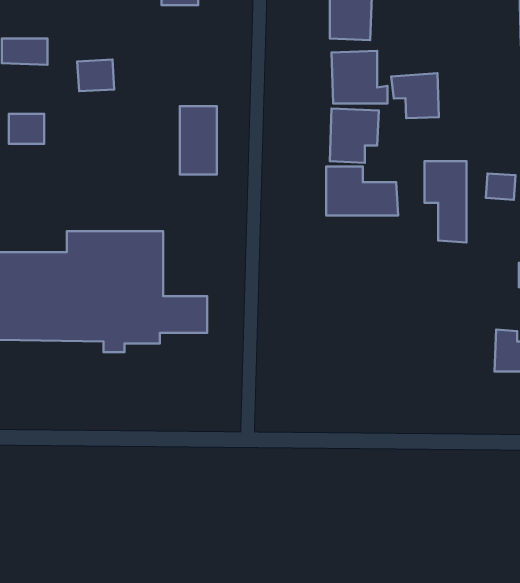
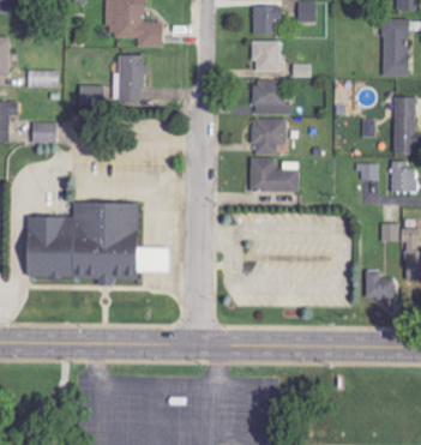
building: [391,73,439,118] -> none
building: [180,106,217,174] -> [119,55,144,102]
building: [425,161,466,242] -> none

